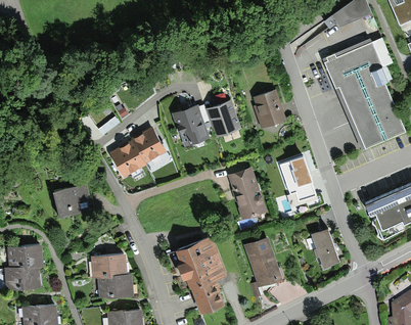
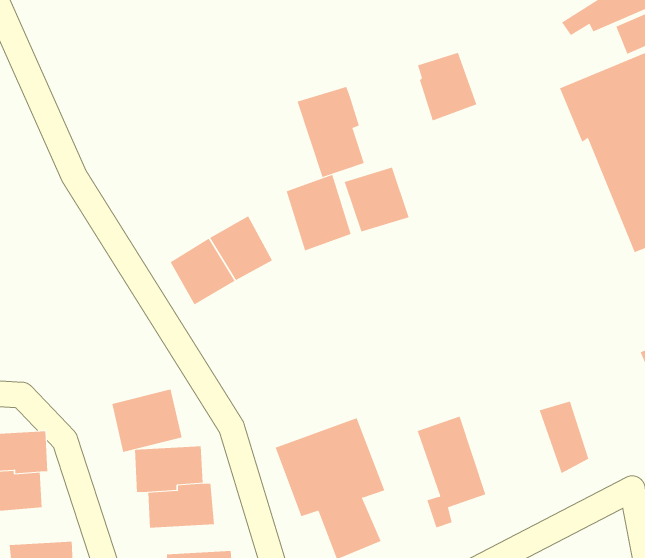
building: none -> [297,86,365,178]
building: [254,91,286,129] -> [417,52,477,121]
building: [279,156,325,208] -> none
building: [227,167,267,219] -> none
building: [54,182,93,217] -> [111,389,183,452]

